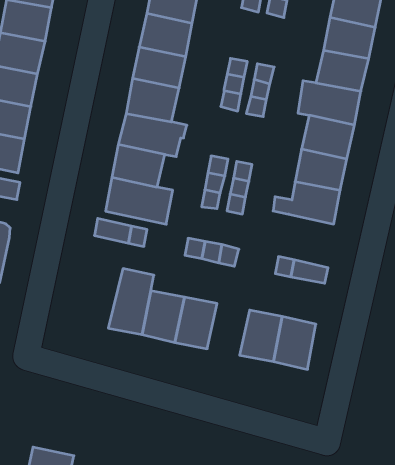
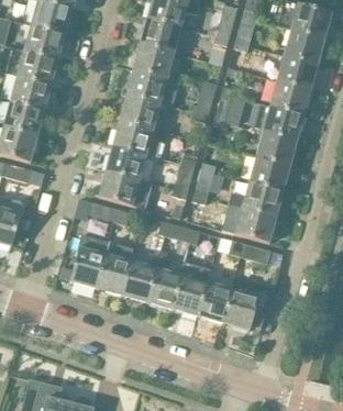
building: none -> [233,207,276,242]
building: none -> [68,235,108,288]
building: none -> [170,274,206,315]

